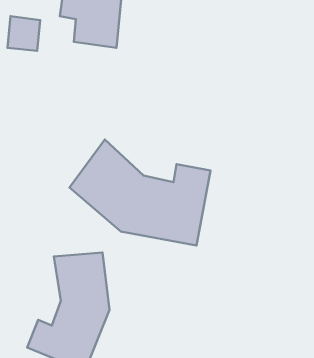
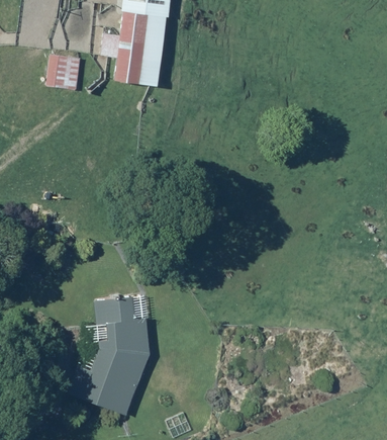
building: [70,140,211,246] -> none

